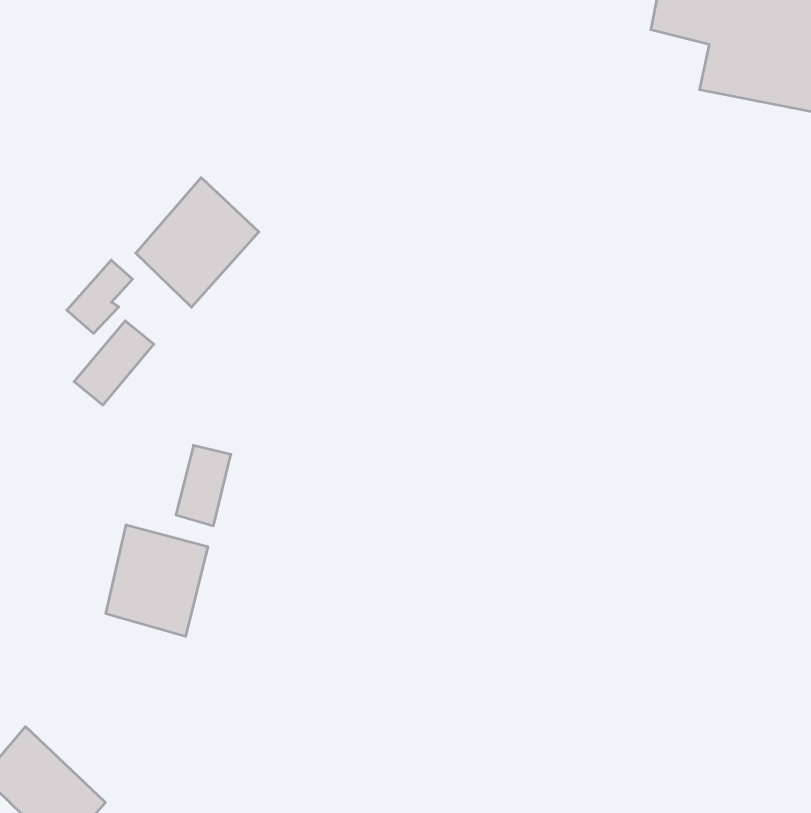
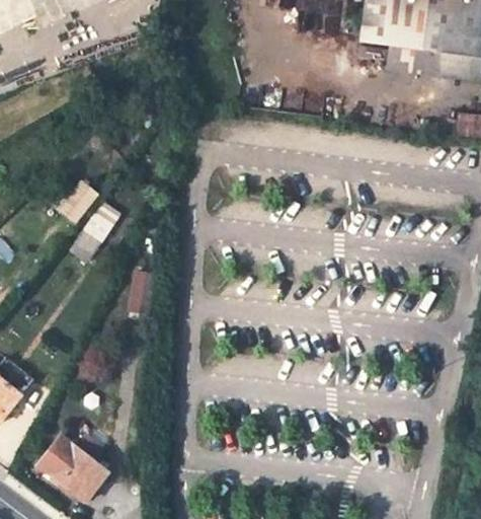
building: [136,178,259,307] -> none
building: [106,525,208,636] -> none

